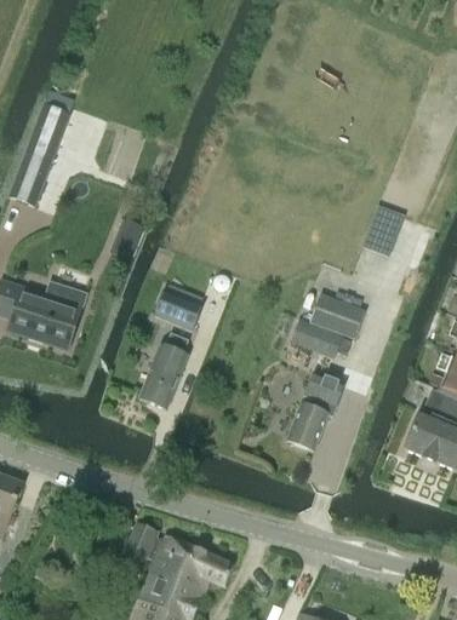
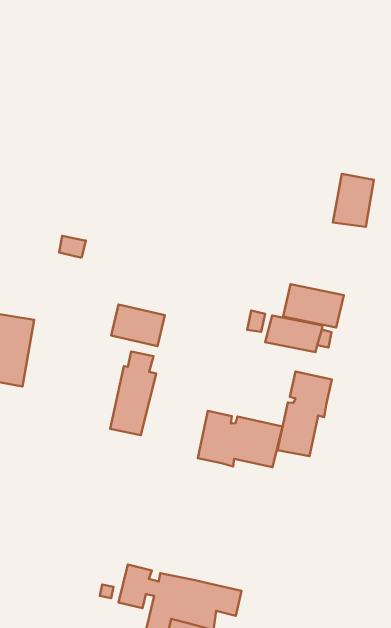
building: none -> [198,411,283,467]

